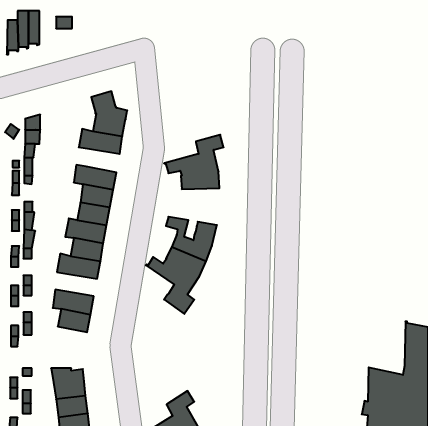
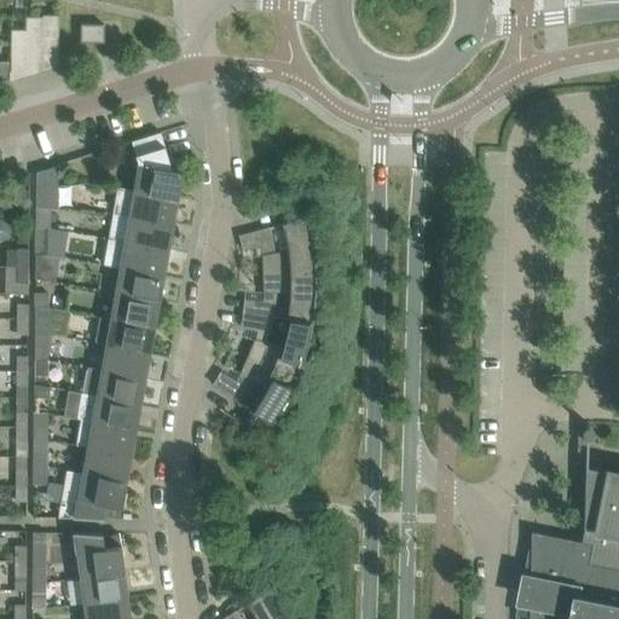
building: none -> [125,218,173,251]
building: none -> [243,274,317,328]
building: none -> [76,394,140,430]
building: none -> [58,472,126,520]

